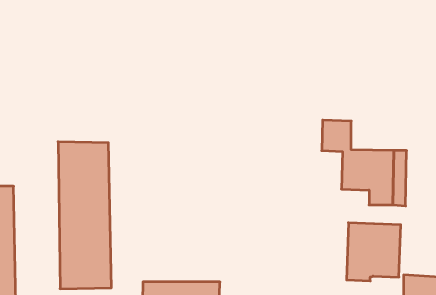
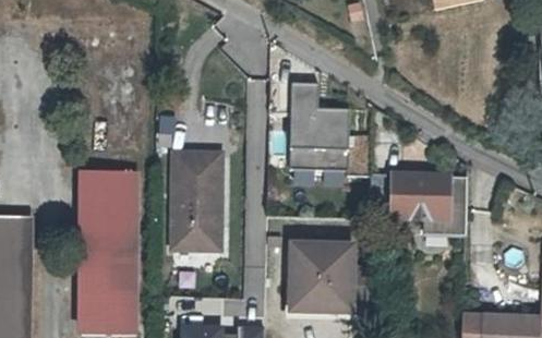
building: none -> [293,83,352,167]
building: none -> [176,158,224,254]
building: [347,223,401,281] -> [290,246,350,311]

